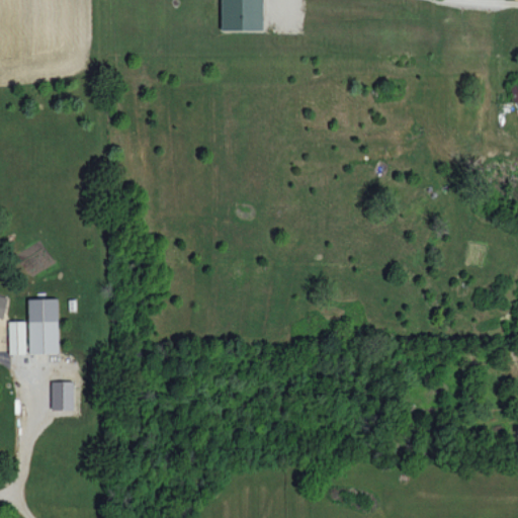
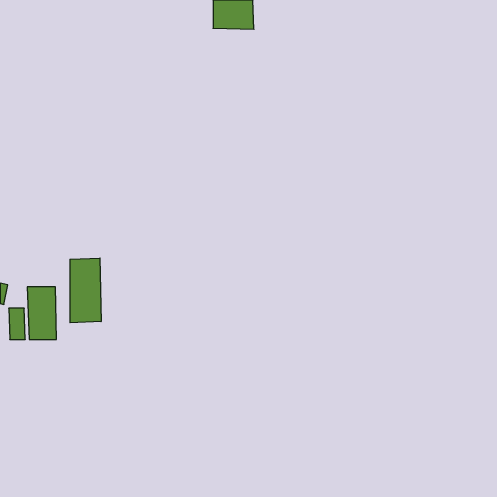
building: none -> [70,258,101,323]
building: [52,380,74,410] -> none

